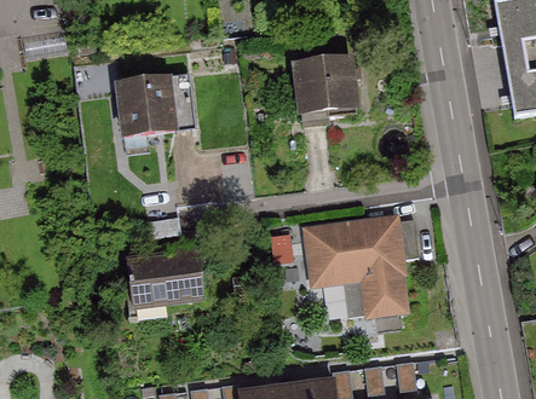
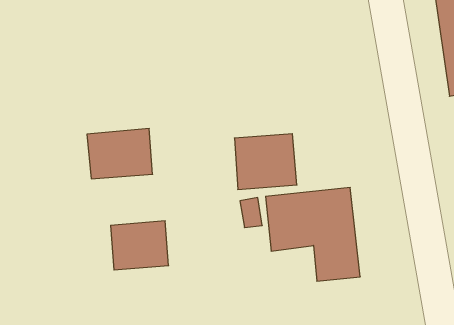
building: [284,53,352,114] -> [234,134,297,189]
building: [116,74,188,128] -> [87,129,153,179]

